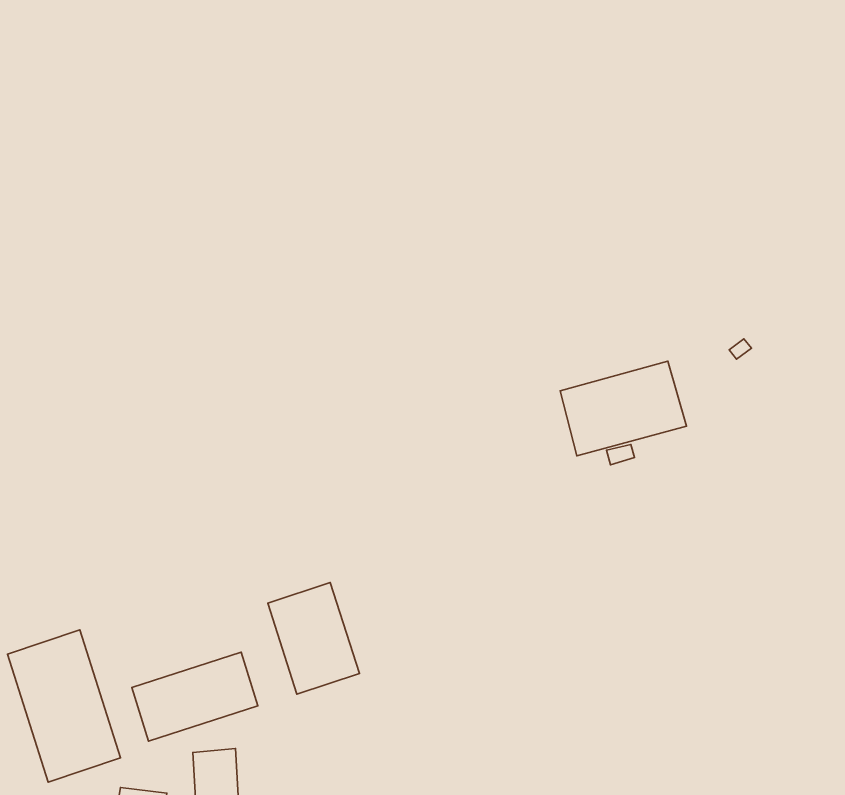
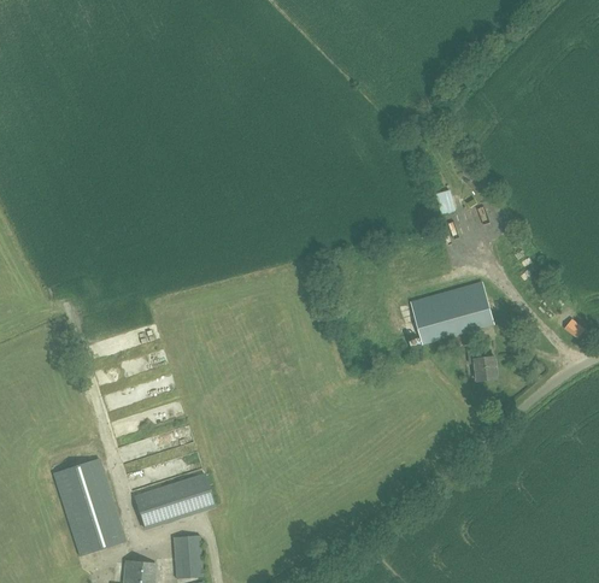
building: none -> [468,347,497,381]
building: [268,583,359,694] -> none

